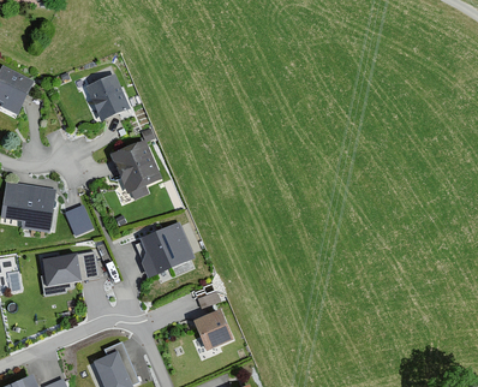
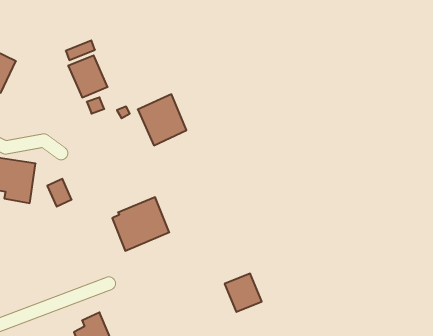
building: [110,142,161,195] -> [138,94,186,145]
building: [43,251,78,280] -> none
building: [193,310,232,350] -> [225,274,262,312]

